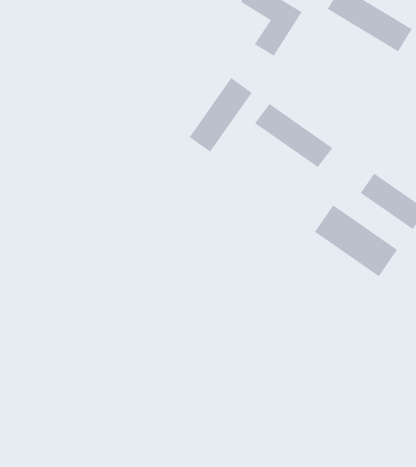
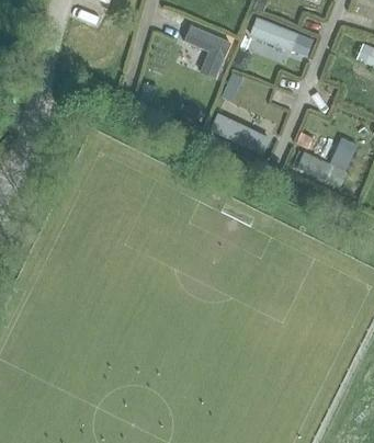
building: [189,77,253,153] -> none
building: [314,204,398,277] -> none

